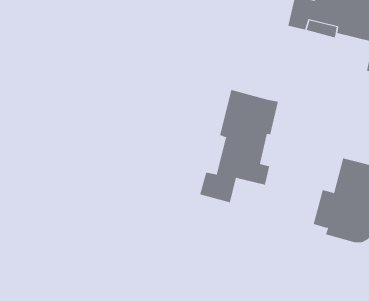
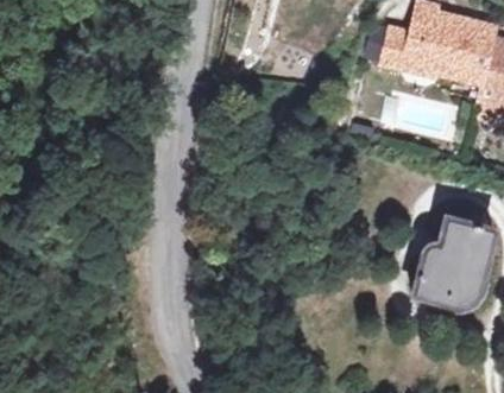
building: [200,89,279,203] -> none

